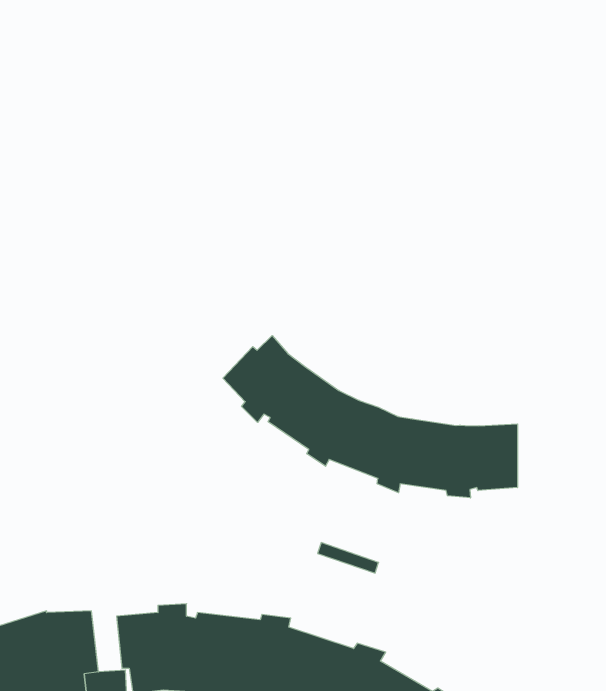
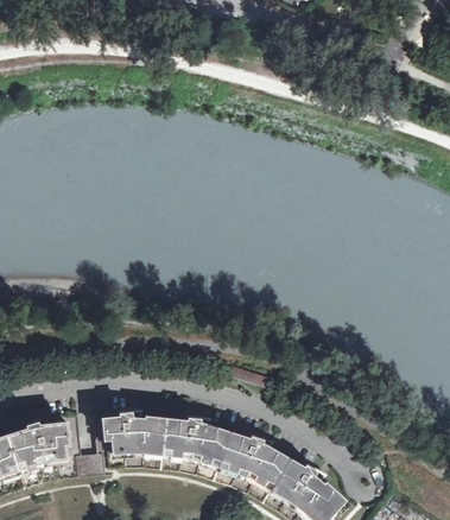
building: [223,336,518,498] -> none

